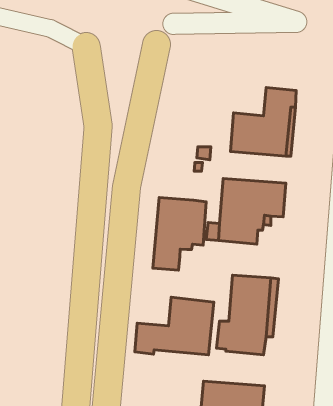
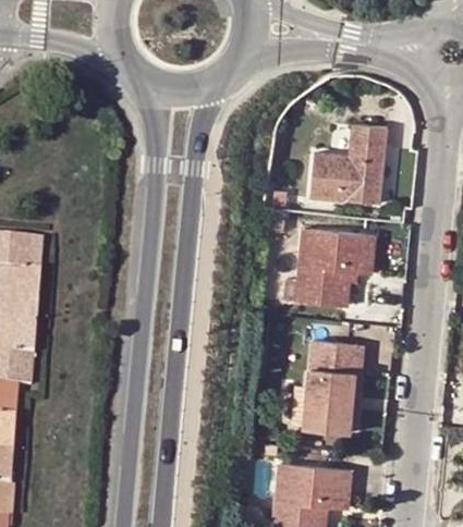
building: [153,197,206,270] -> none
building: [135,297,214,355] -> none

